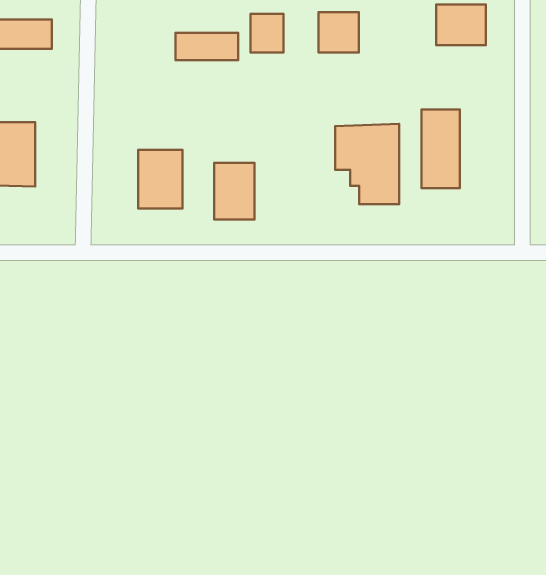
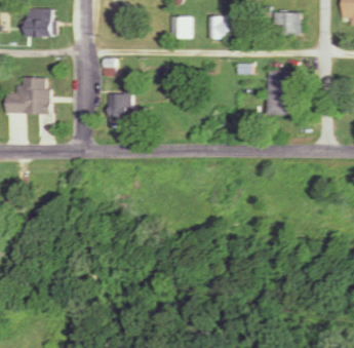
building: [175,33,238,60] -> none
building: [335,124,399,204] -> none
building: [214,163,255,220] -> none

